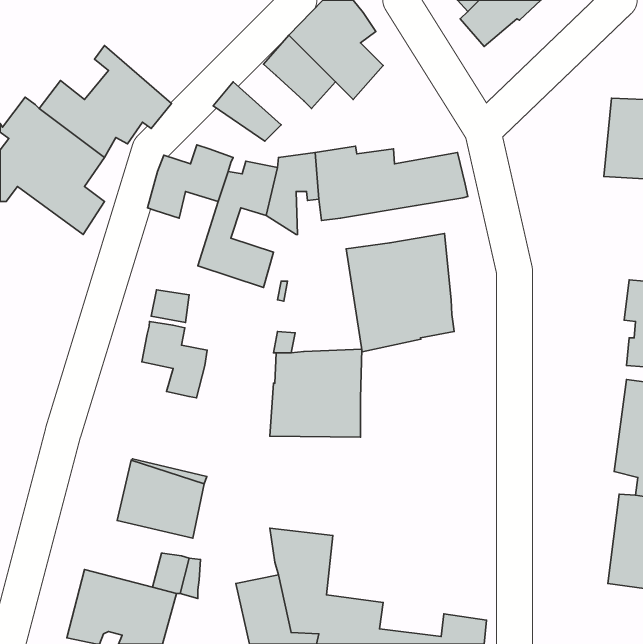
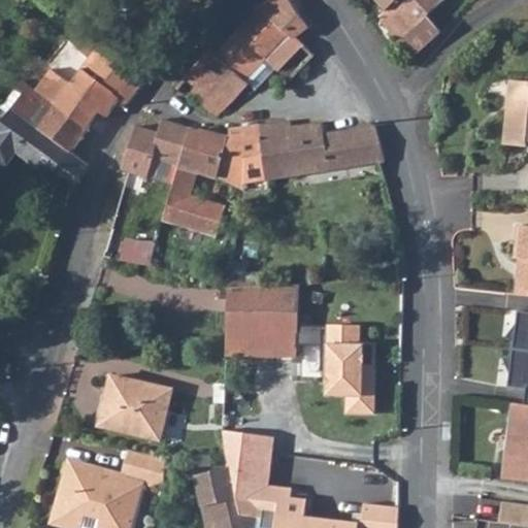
building: none -> [397,15,439,55]
building: none -> [192,46,250,102]
building: [346,233,454,352] -> none
building: [142,321,207,398] -> none
building: none -> [296,326,375,415]

